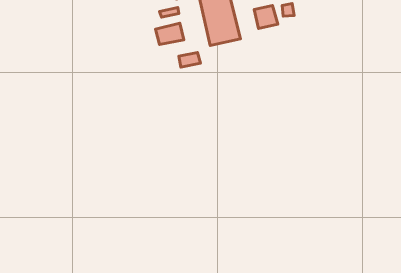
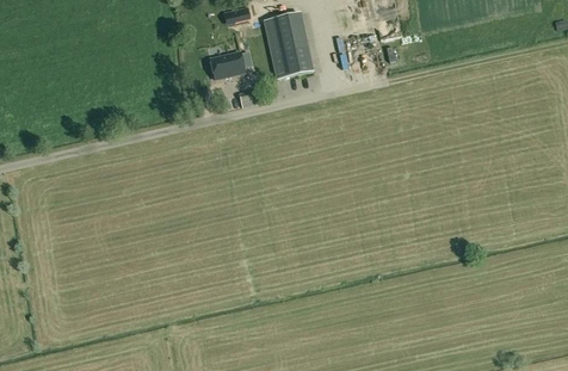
building: [254,6,278,28] -> none

